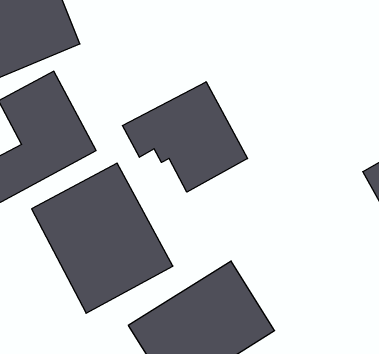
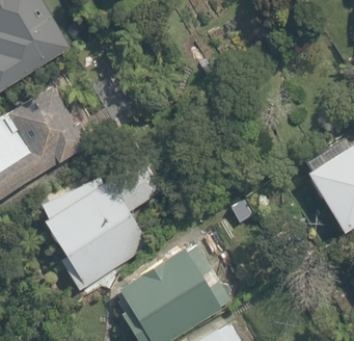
building: [122,82,248,192] -> none

